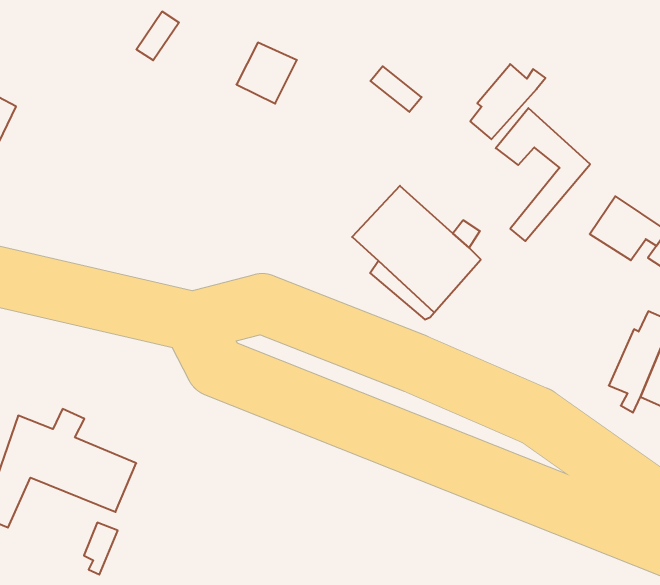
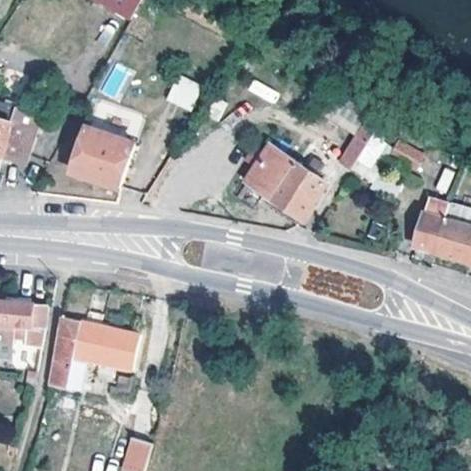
building: [470,64,545,139] -> none
building: none -> [70,126,134,186]

